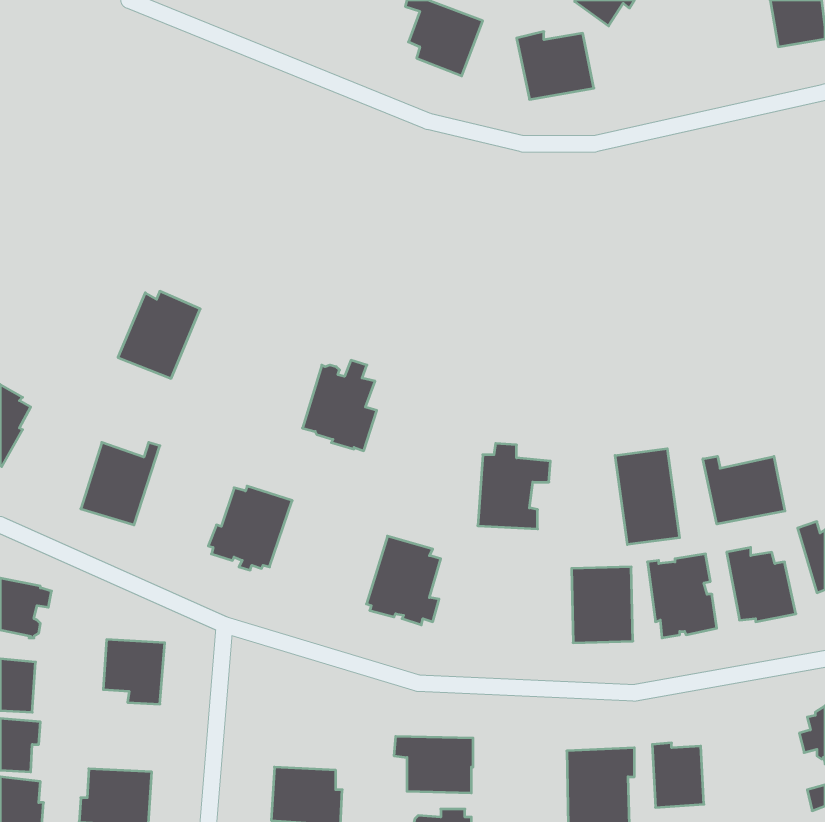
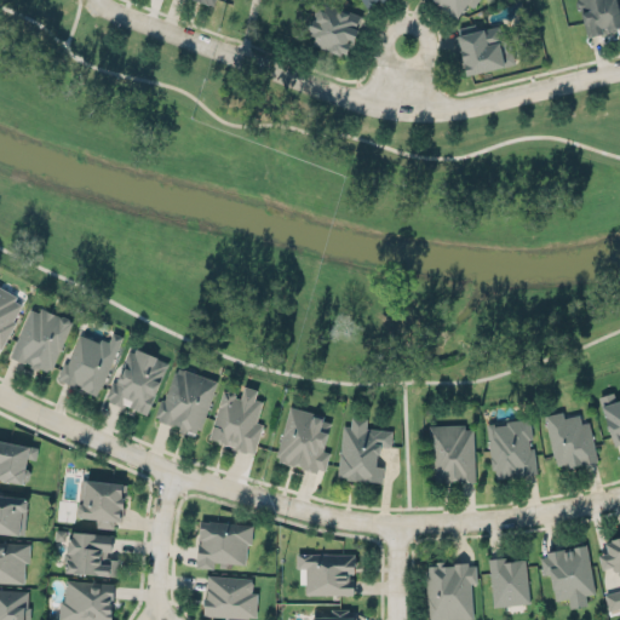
building: [517,32,594,99] -> [455,25,513,76]
building: [118,291,200,378] -> [11,305,73,371]
building: [302,360,377,451] -> [208,388,264,455]
building: [478,443,550,529] -> [338,419,392,483]
building: [615,449,680,545] -> none
building: [703,456,785,524] -> none
building: none -> [107,346,168,413]
building: none -> [196,522,253,570]
building: none -> [67,529,119,573]
building: none -> [540,544,596,608]

